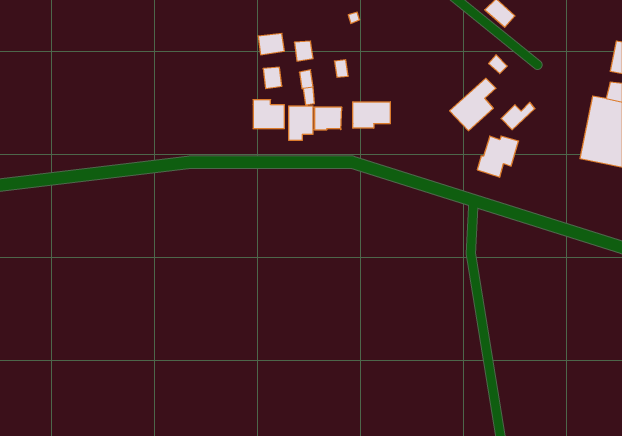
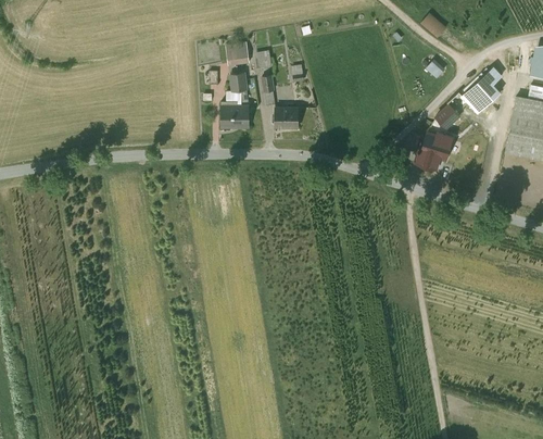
building: [450,78,496,131] -> [462,67,502,113]
building: [353,102,390,128] -> none
building: [289,106,313,140] -> none

